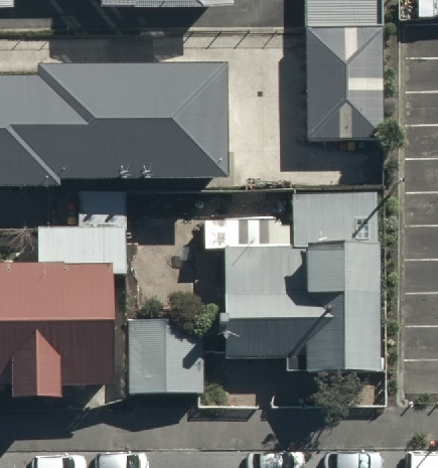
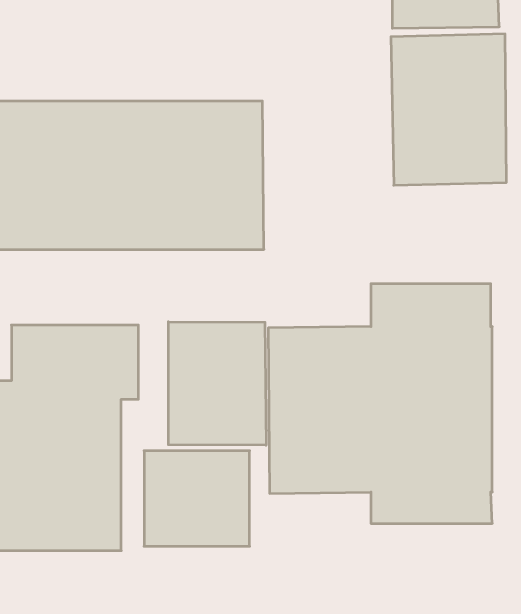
building: none -> [168,322,266,445]

